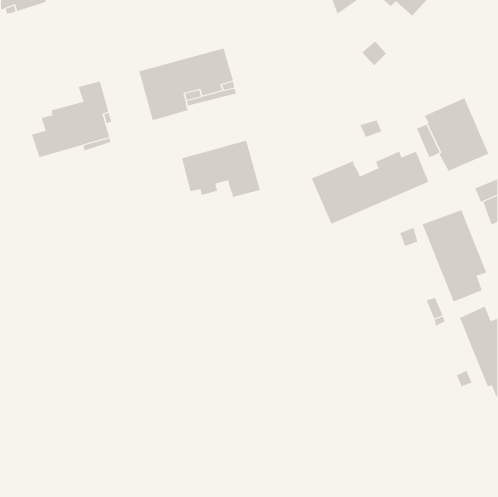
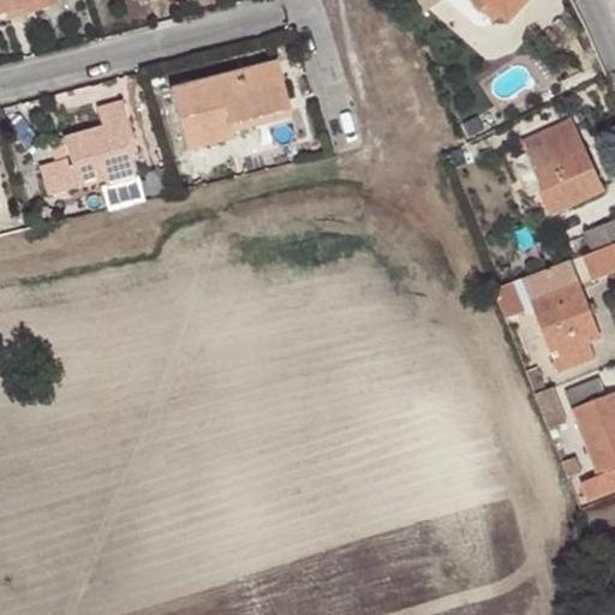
building: [181,140,261,198] -> none
building: [311,151,429,225] -> none

